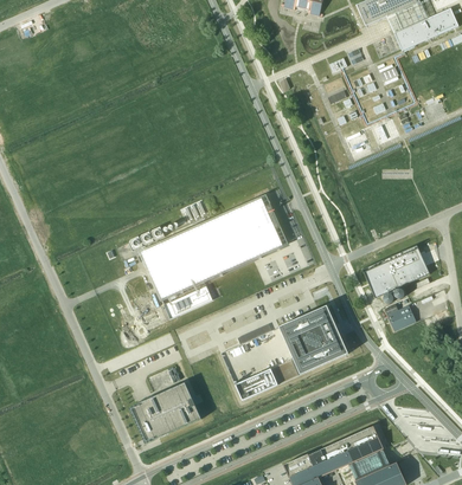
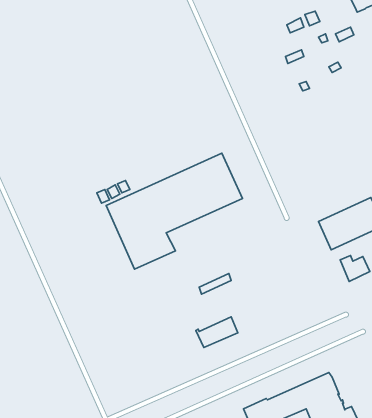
building: [280,305,348,374] -> none
building: [131,382,201,441] -> none

